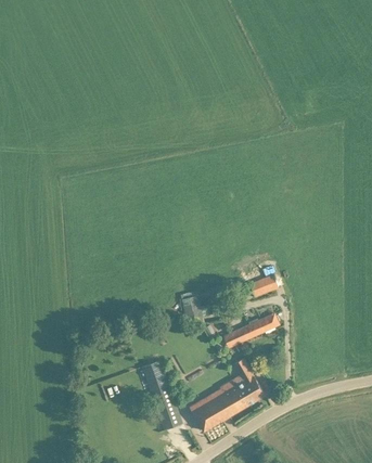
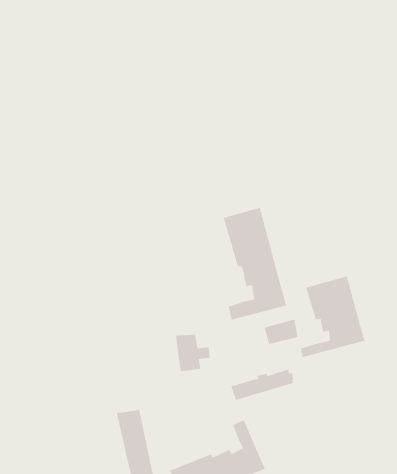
building: none -> [223,207,287,321]
building: none -> [300,276,365,358]

